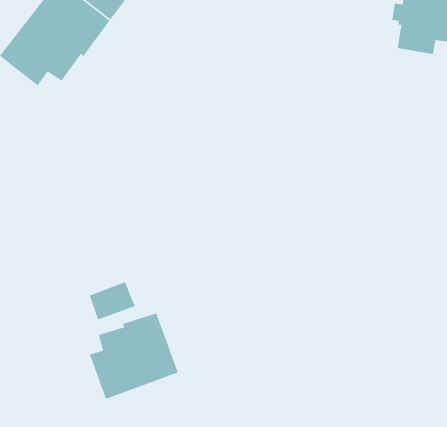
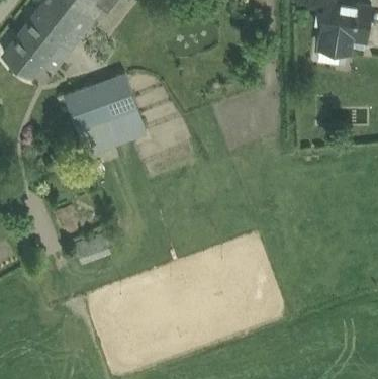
building: none -> [62,74,136,157]
building: [89,313,179,400] -> none

